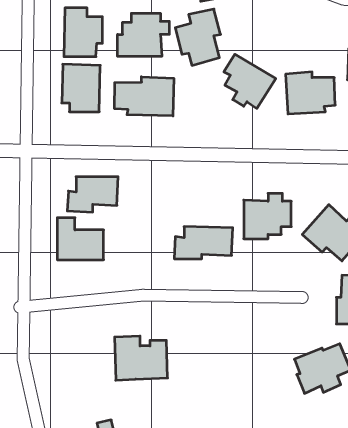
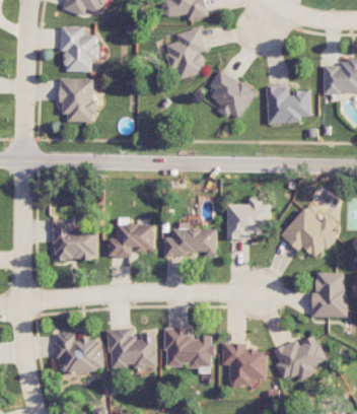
building: [118,13,169,56] -> none
building: [115,77,174,116] -> none
building: [67,177,118,212] -> [108,224,154,257]
building: none -> [164,327,212,372]
building: none -> [54,335,102,371]
building: none -> [221,342,266,385]

